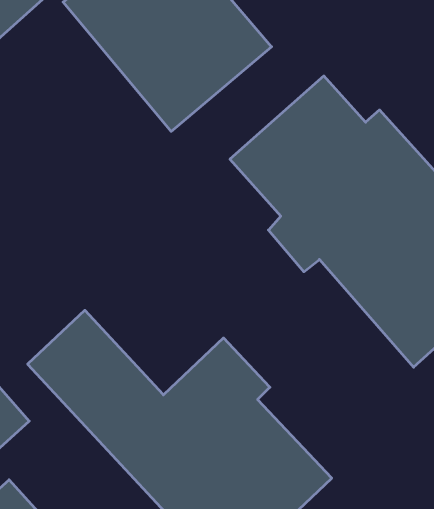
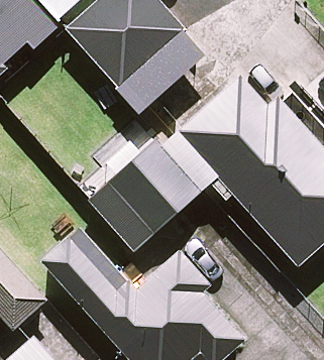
building: none -> [88,138,202,250]

